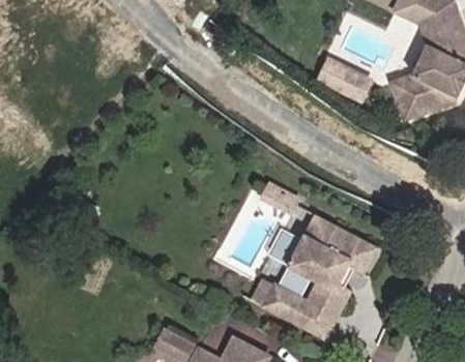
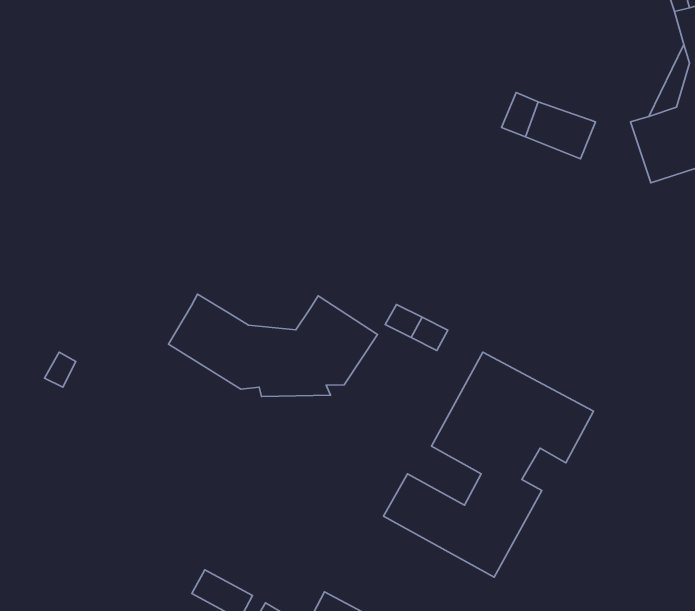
building: none -> [168,294,378,396]

